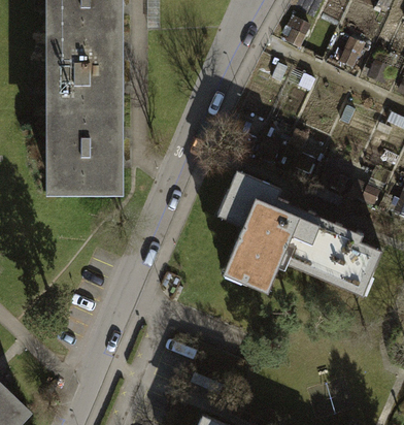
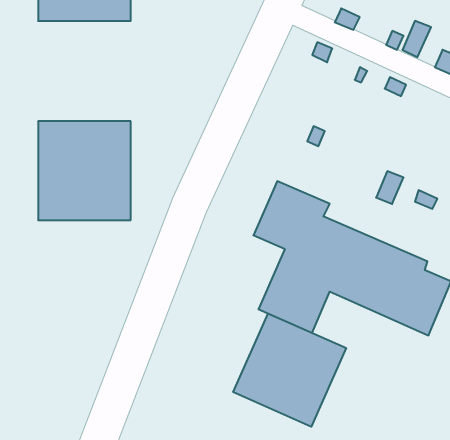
building: [43,37,120,120] -> none
building: none -> [233,313,346,427]

